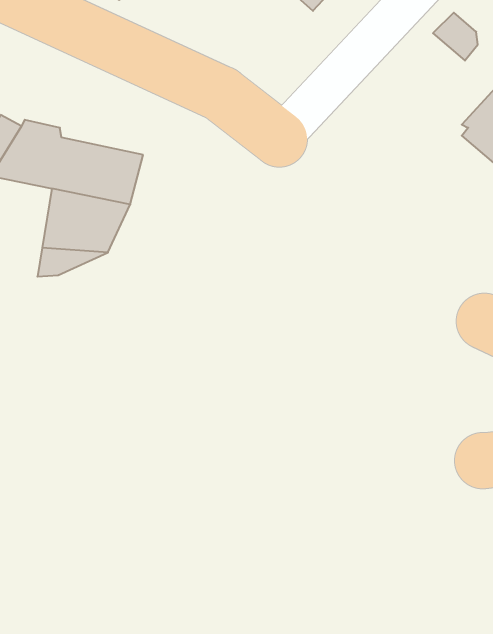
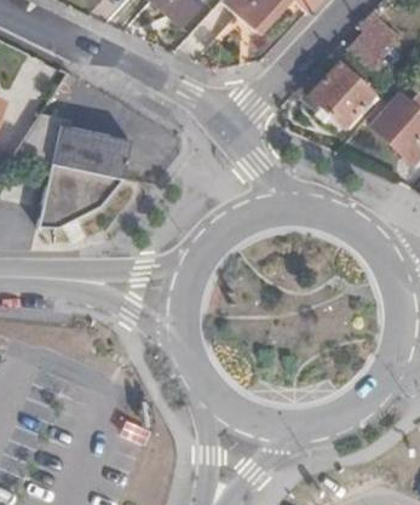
building: none -> [309,61,375,127]

